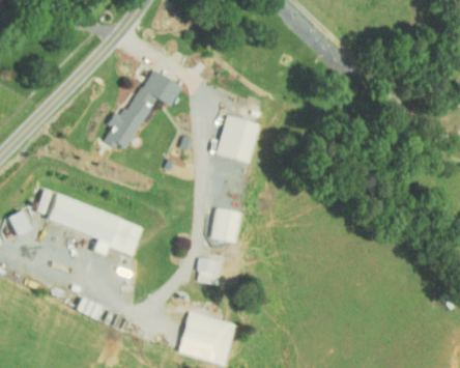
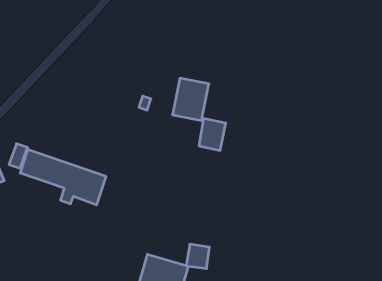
building: [104,67,181,151] -> none
building: [210,206,240,242] -> [199,119,226,150]
building: [196,257,222,284] -> [186,244,209,269]

